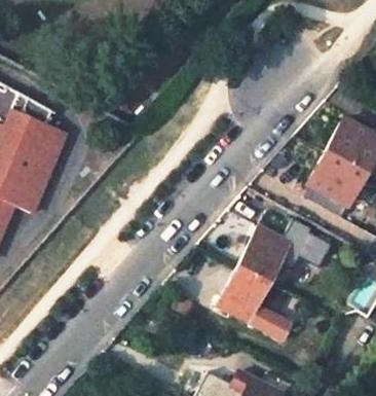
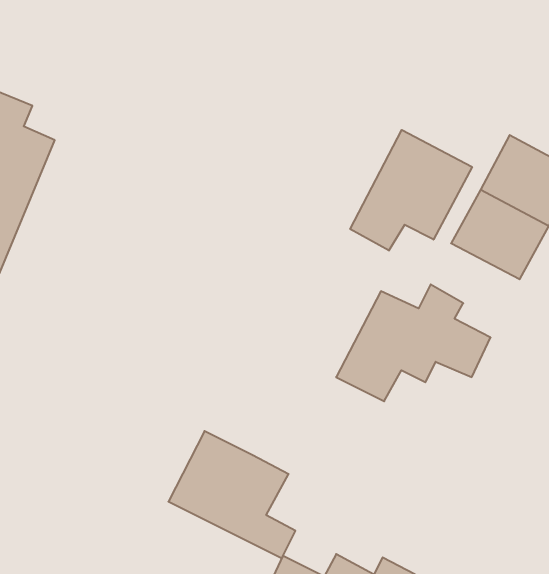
building: none -> [350,130,472,251]
building: [217,265,293,341] -> [168,431,295,558]

